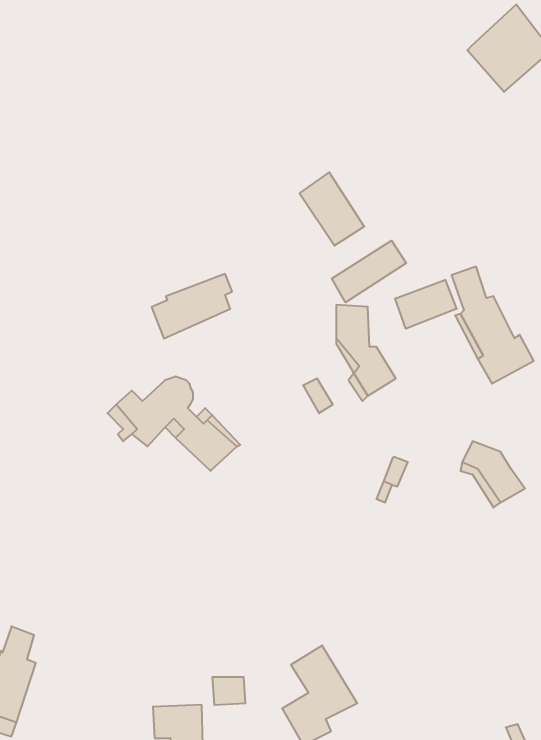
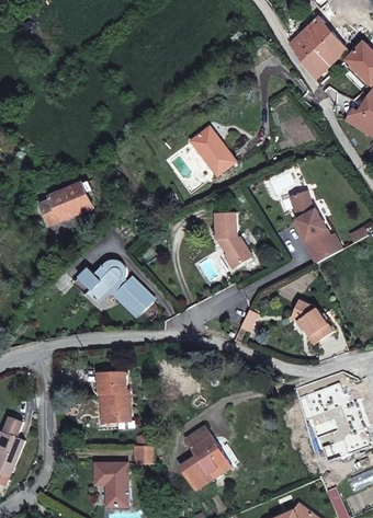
building: [332,241,406,302] -> none
building: [152,274,232,339] -> [37,183,88,223]
building: [395,280,457,329] -> none
building: none -> [98,373,132,422]

